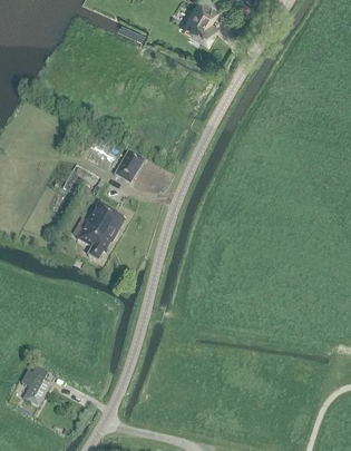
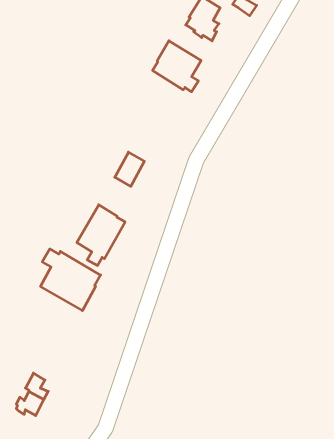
building: none -> [153,41,201,92]
building: none -> [41,249,101,311]

